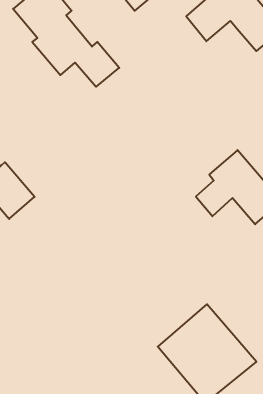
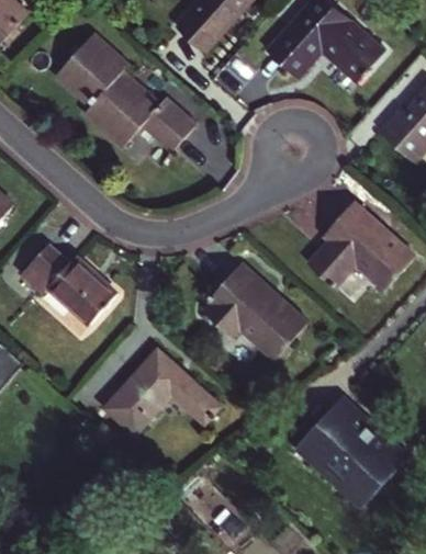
building: none -> [202,263,305,360]
building: none -> [104,350,218,434]

